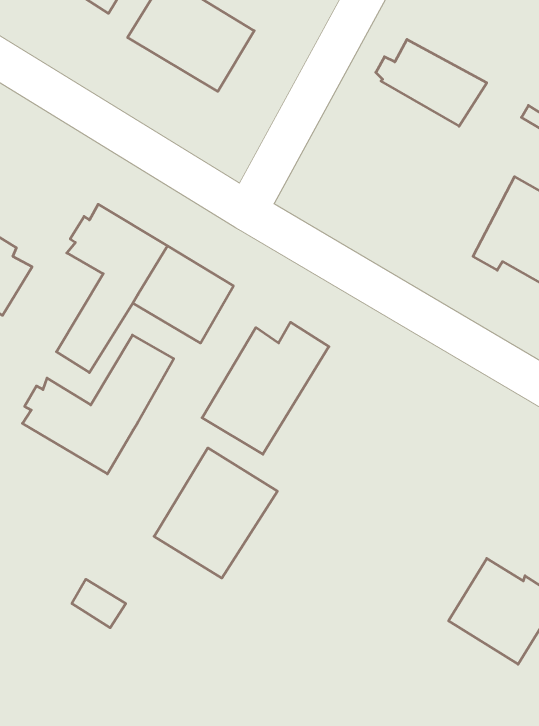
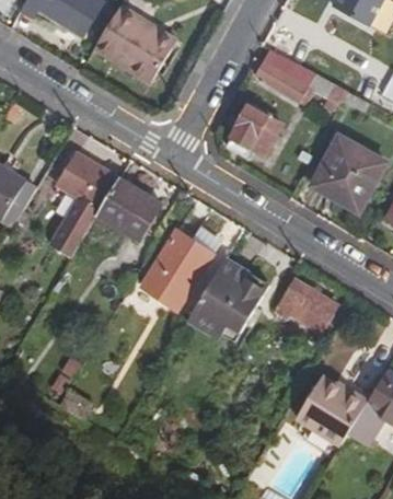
building: none -> [227,105,282,159]
building: [22,335,174,474] -> none
building: none -> [277,280,335,333]
building: [154,448,277,578] -> [189,258,267,340]

